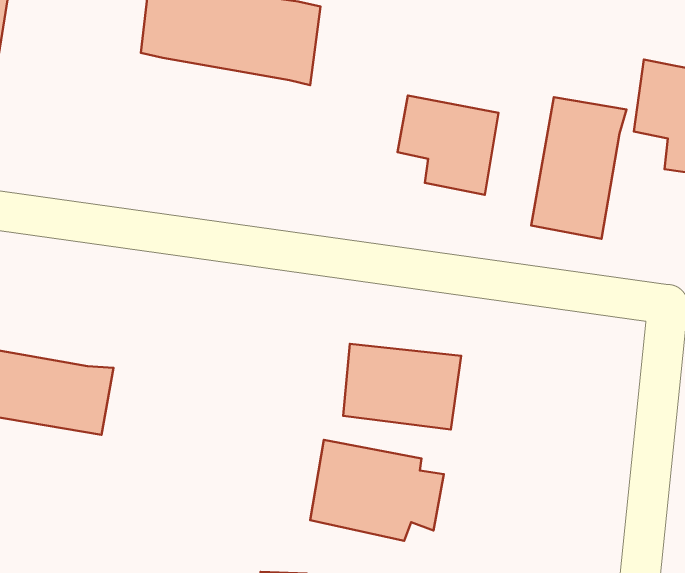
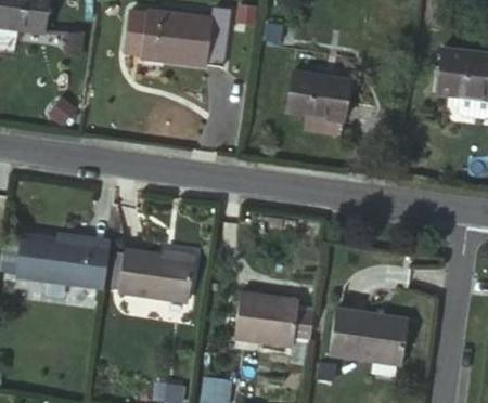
building: [531,97,627,239] -> none
building: [343,344,461,429] -> [330,308,404,362]
building: none -> [123,245,195,303]

